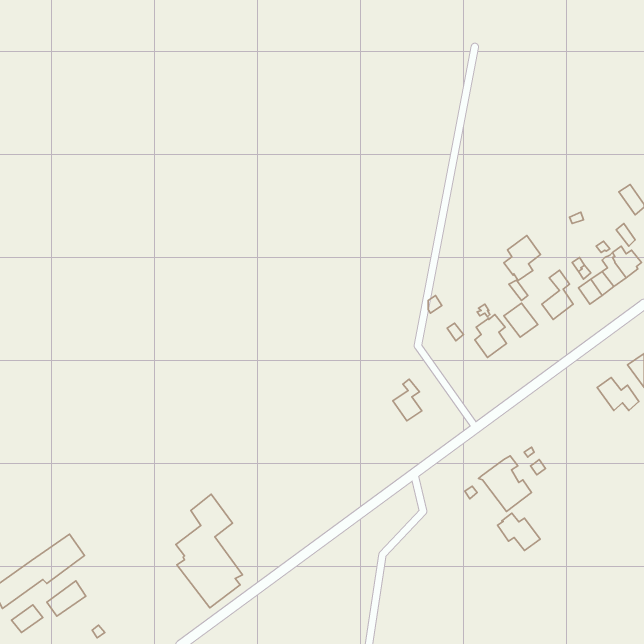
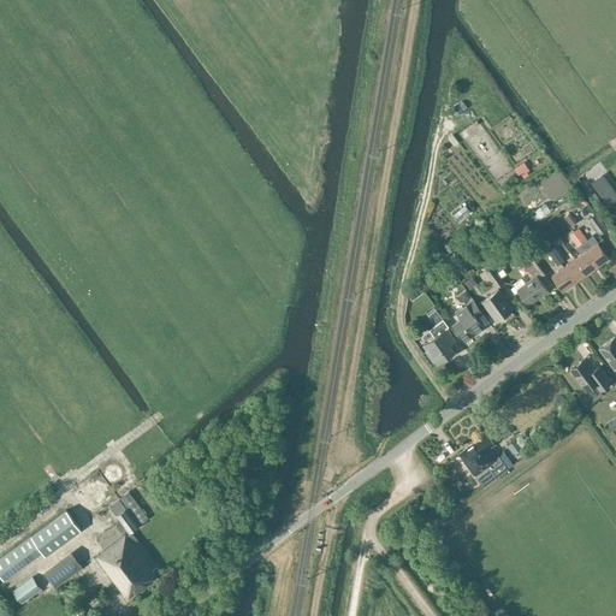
building: [504,236,540,281] -> none
building: [393,379,422,421] -> [425,324,452,363]
building: [176,494,243,608] -> [94,491,158,599]
building: [498,513,540,551] -> none

